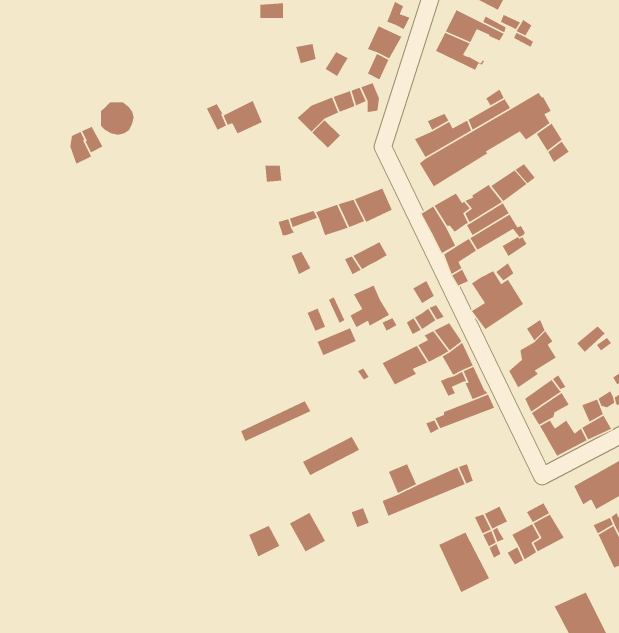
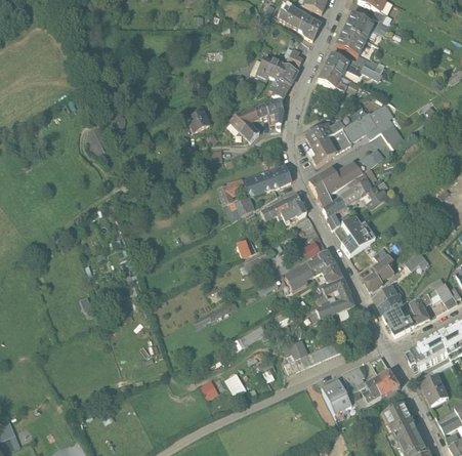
building: none -> [250,58,282,80]
building: [350,284,390,328] -> [281,193,306,220]
building: none -> [383,401,413,429]

